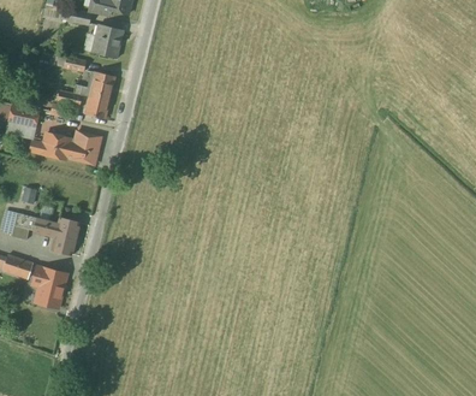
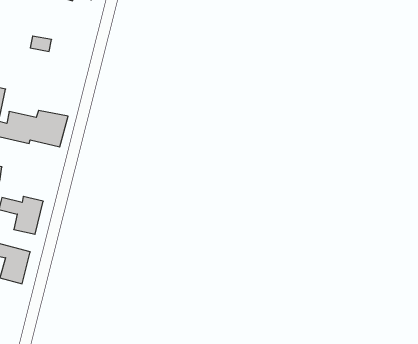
building: [94,26,123,55] -> none
building: [83,72,115,120] -> none

